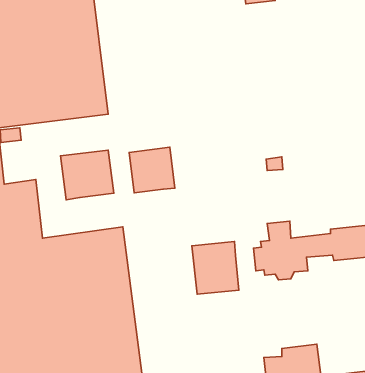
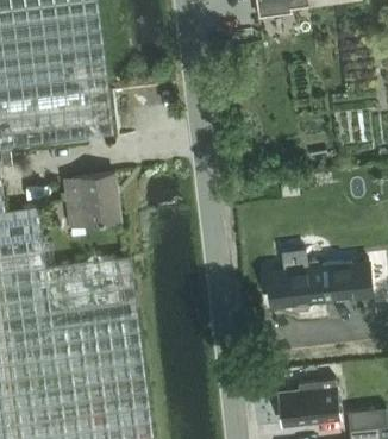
building: [129,147,175,193] -> none
building: [192,241,239,294] -> none

